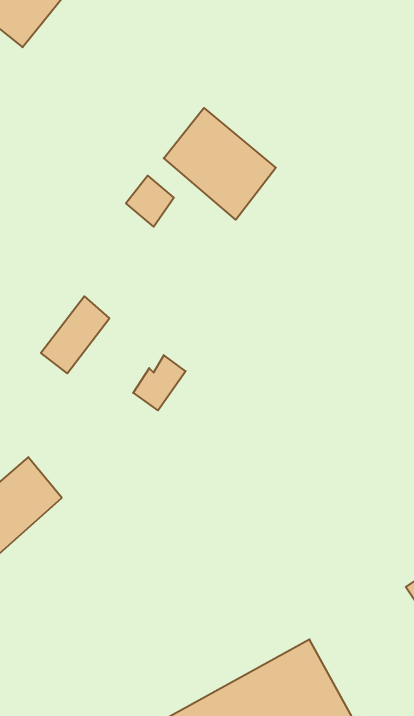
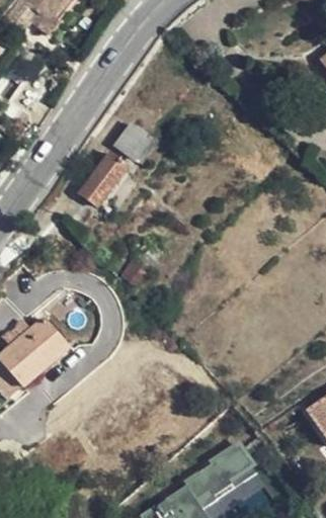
building: [164,108,276,220] -> none
building: [41,296,109,373] -> [79,152,127,205]

